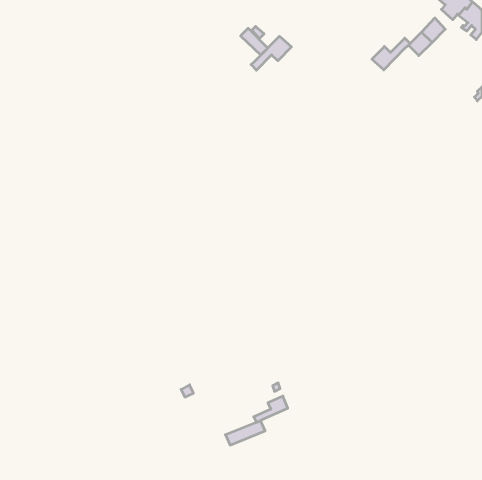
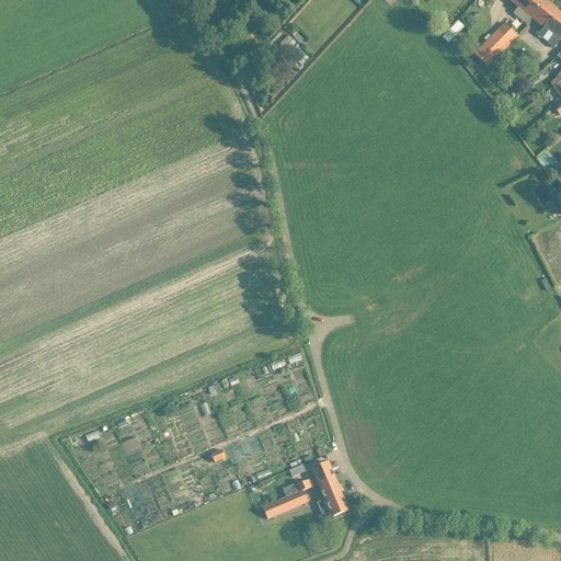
building: [251,36,291,70] -> none
building: [372,38,410,70] -> none
building: none -> [318,476,348,516]

